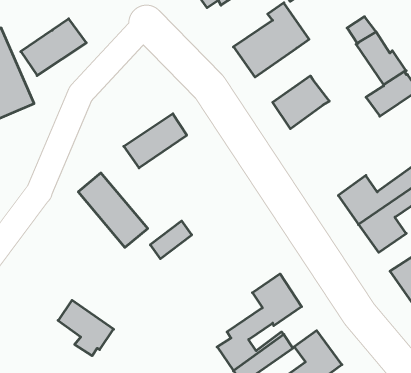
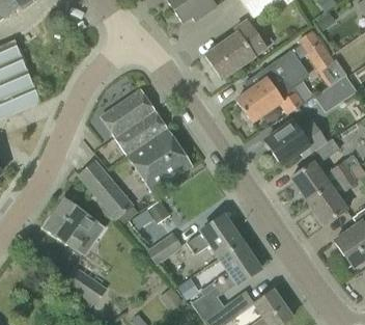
building: [21,19,86,76] -> [102,90,156,137]
building: none -> [266,50,309,114]
building: none -> [265,119,339,163]
building: none -> [128,128,193,192]
building: none -> [46,198,106,255]
building: none -> [188,215,244,258]
building: none -> [146,233,182,265]

